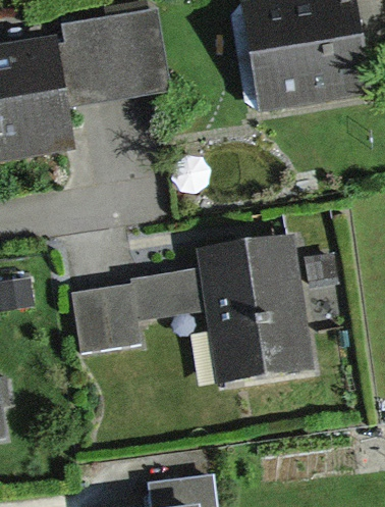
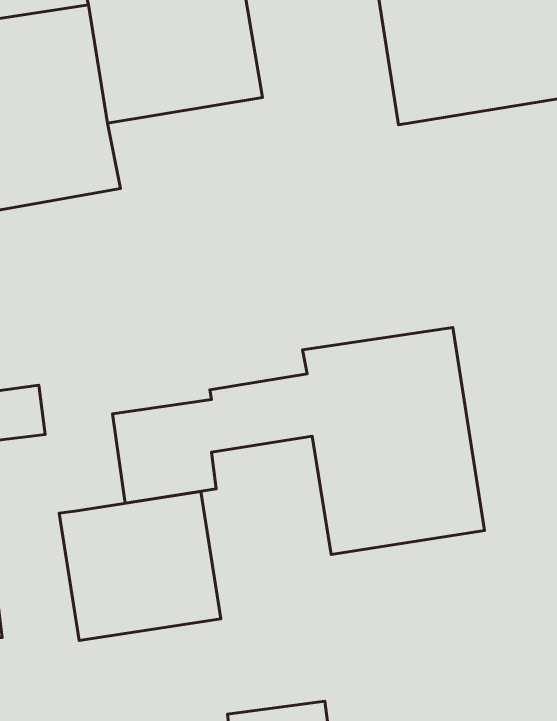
building: none -> [59,491,221,641]

